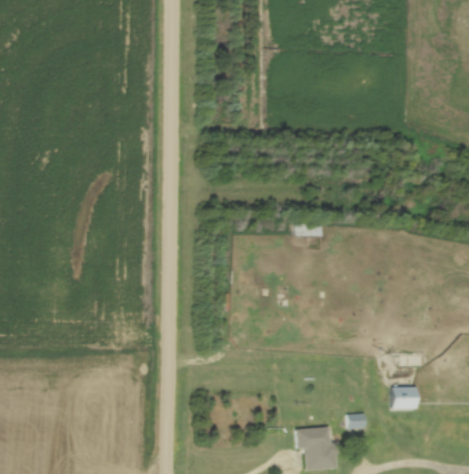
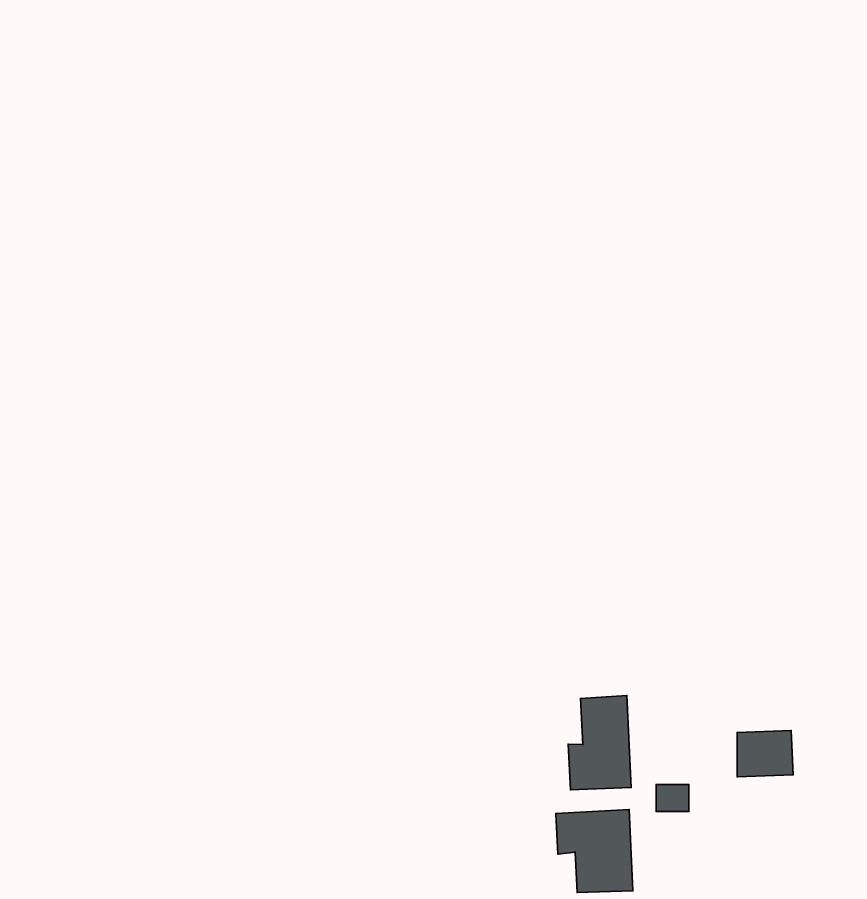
building: none -> [568,696,631,790]

